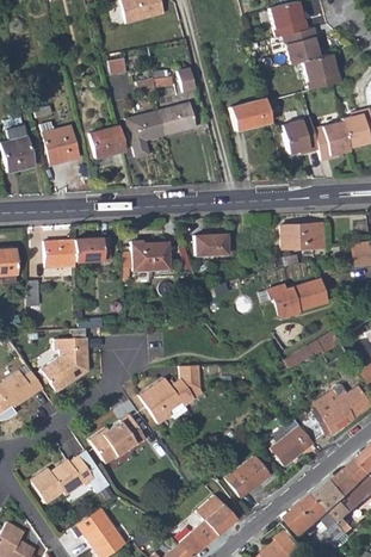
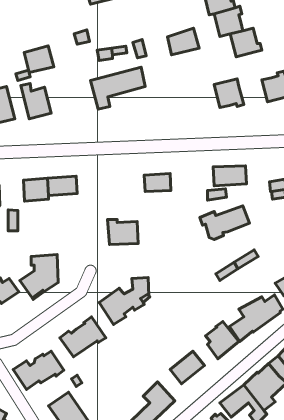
building: [233,97,272,130] -> [168,28,199,55]
building: [313,117,350,157] -> none
building: [88,124,125,157] -> [24,46,54,72]
building: [130,240,168,271] -> [108,220,138,244]

